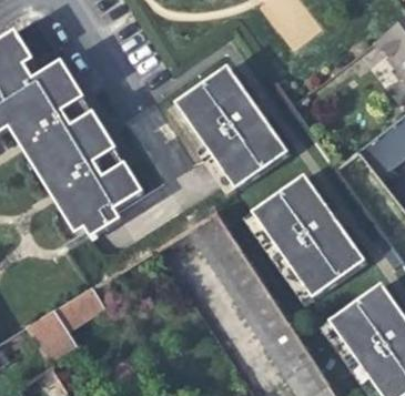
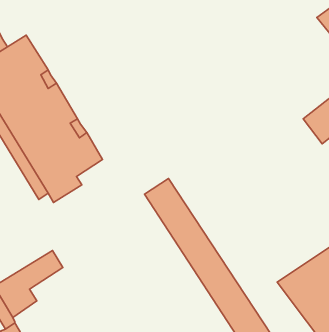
building: [179,70,290,192] -> none
building: [254,176,367,299] -> none

